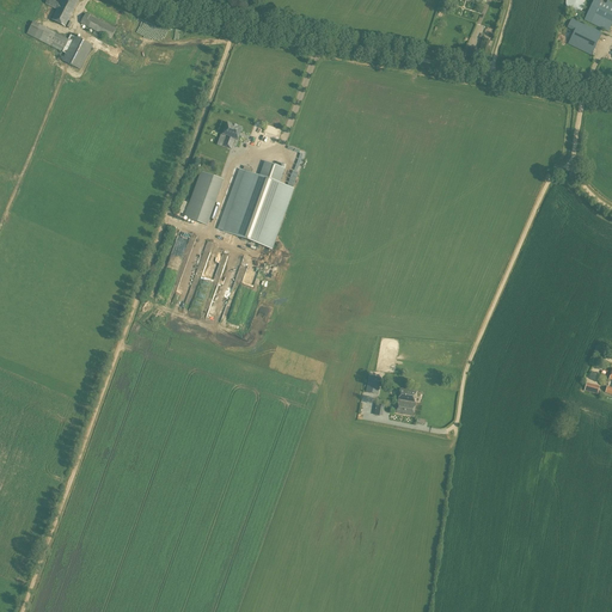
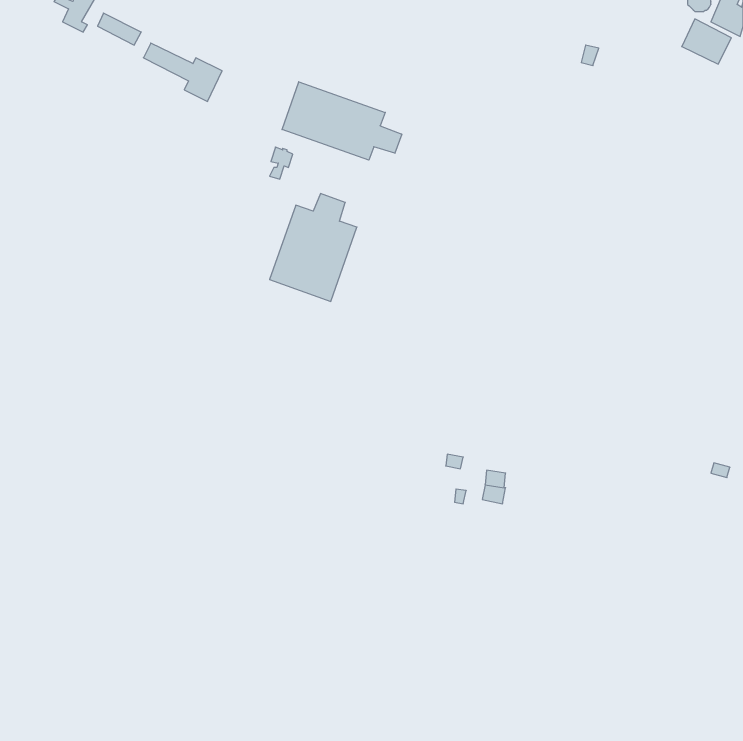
building: [26,20,91,68] -> [143,43,222,101]
building: none -> [282,82,402,160]
building: [183,170,222,224] -> none

